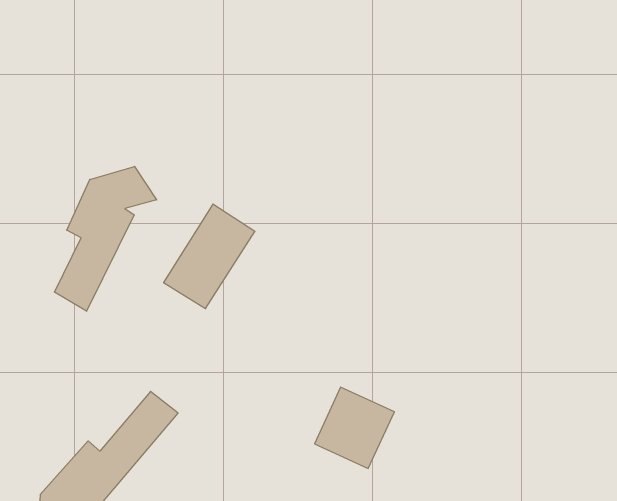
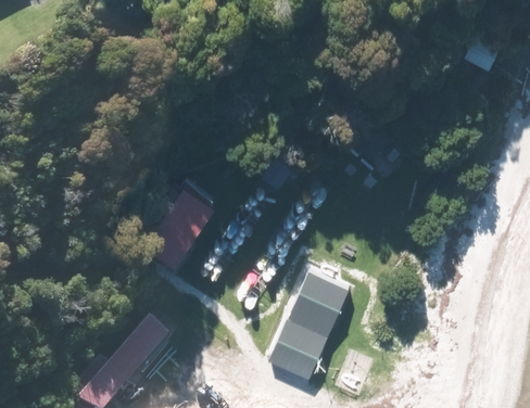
building: [55,166,157,311] -> none
building: none -> [289,267,350,329]

